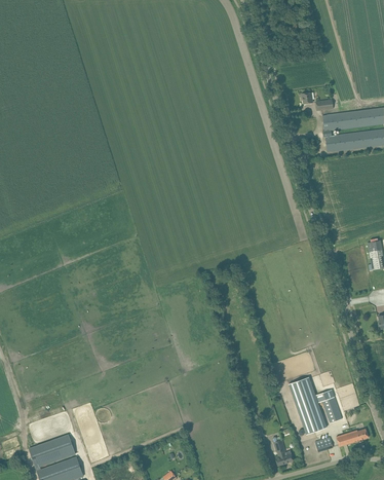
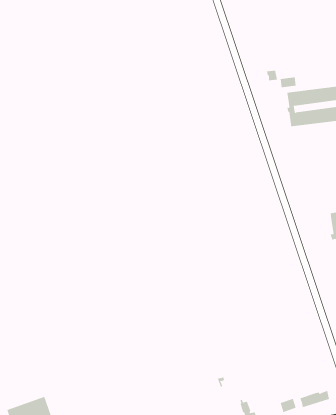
building: [289,376,342,434] -> none

